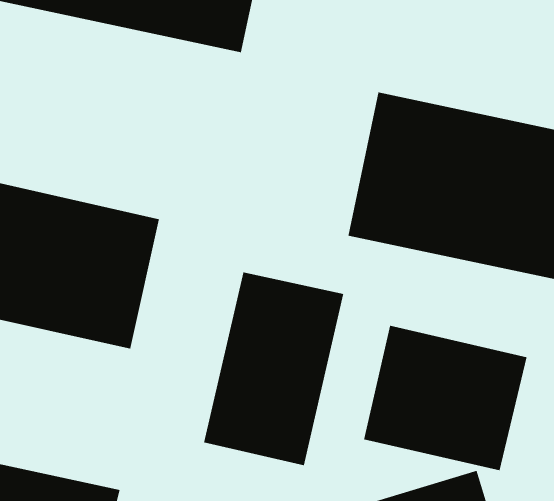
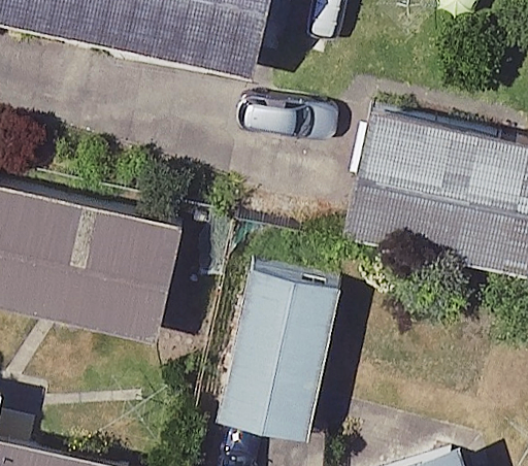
building: [363,325,527,471] -> none

